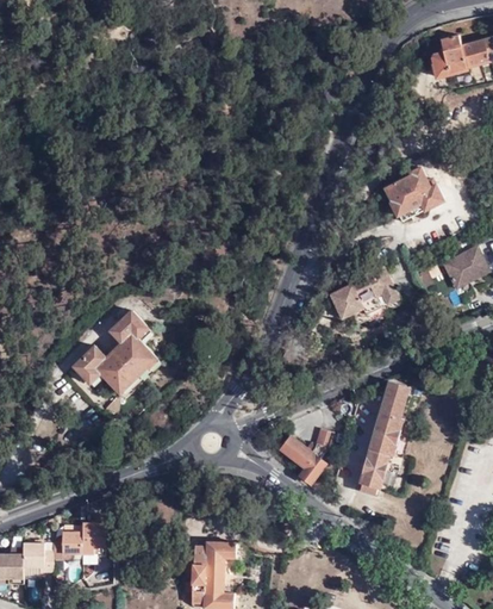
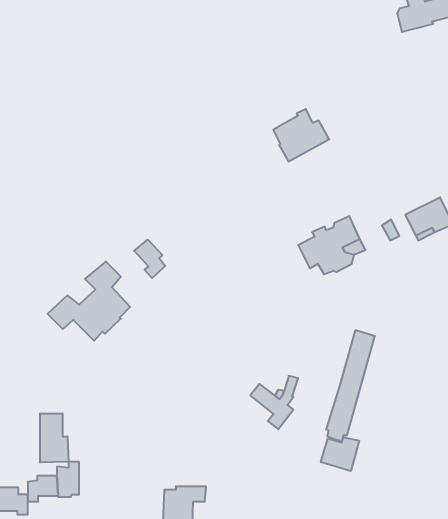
building: [386,168,443,222] -> [273,109,329,161]
building: none -> [134,240,165,278]
building: none -> [40,413,69,463]
building: none -> [321,437,359,471]

